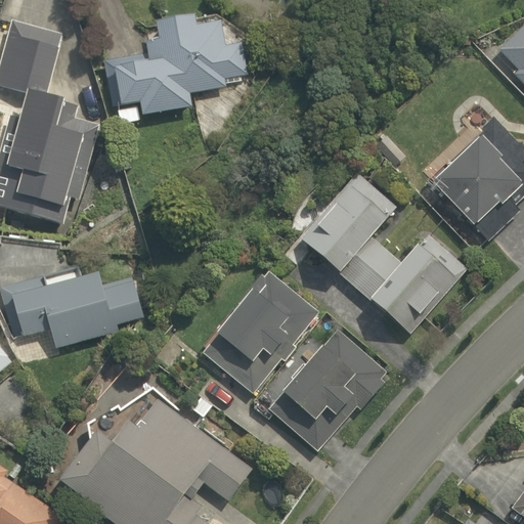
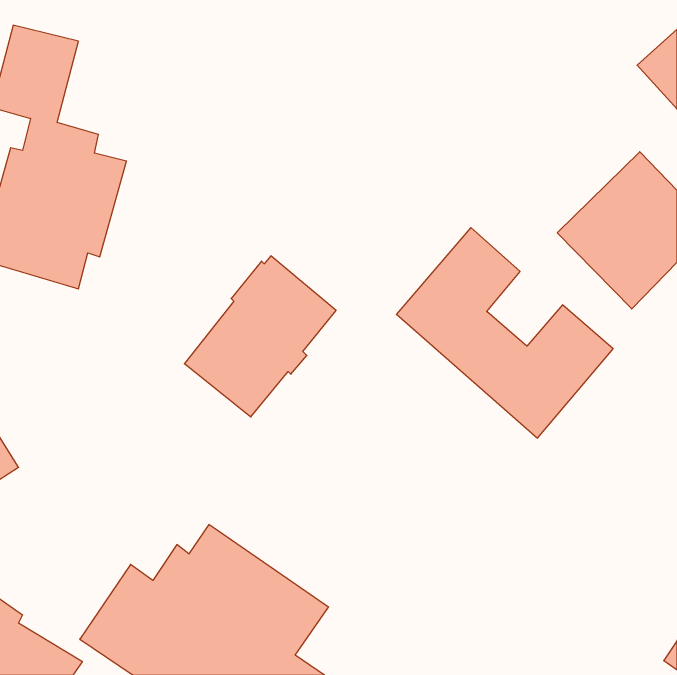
building: [104,17,250,121] -> none
building: [200,269,316,393] -> [184,256,336,417]
building: [18,271,147,351] -> none
building: [266,328,385,450] -> none

